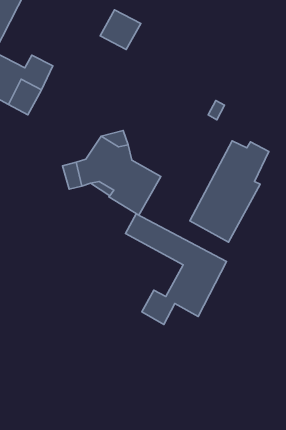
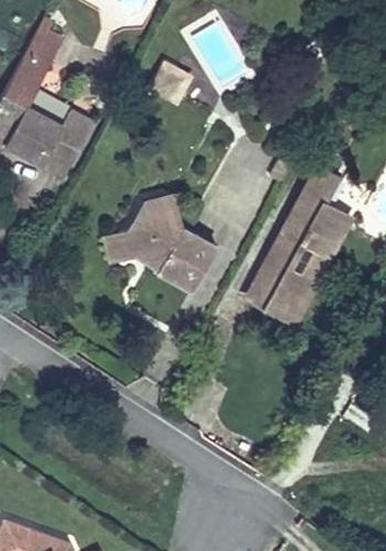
building: none -> [298,168,351,257]
building: [125,214,227,325] -> none

